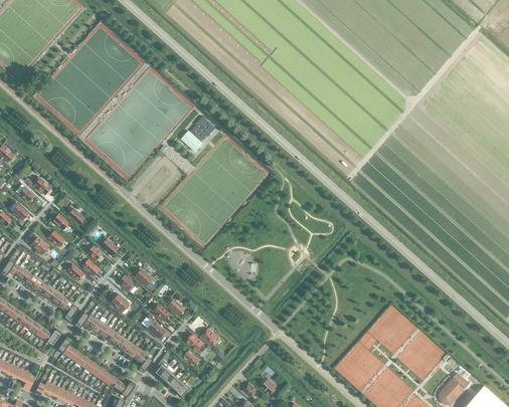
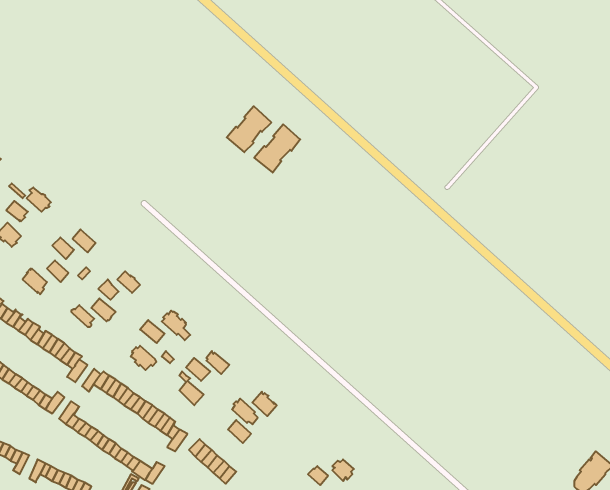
building: none -> [254,124,300,173]

